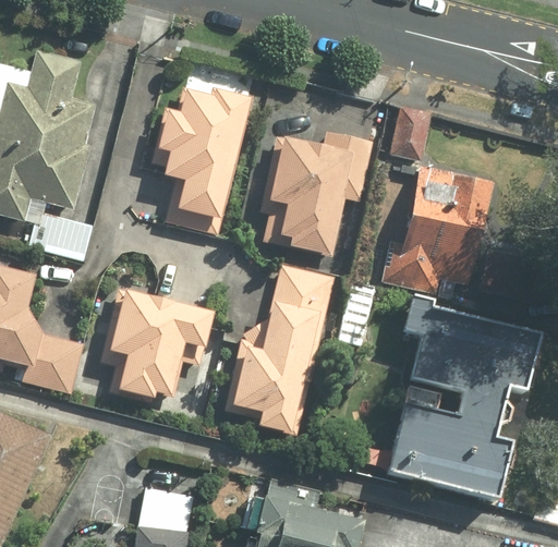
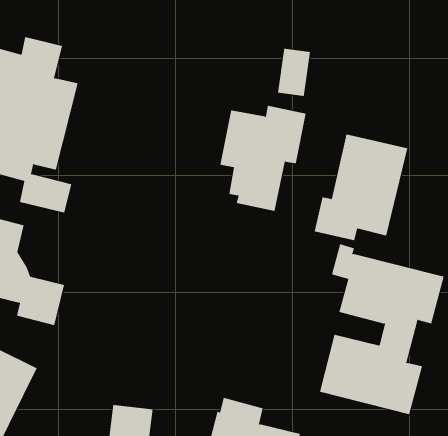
building: [151,96,250,232] -> none
building: [388,105,428,162] -> [277,48,311,97]
building: [232,266,335,434] -> none
building: [102,287,214,400] -> none

